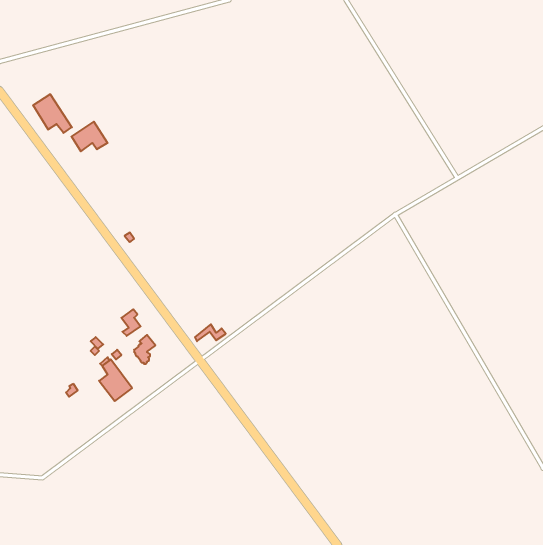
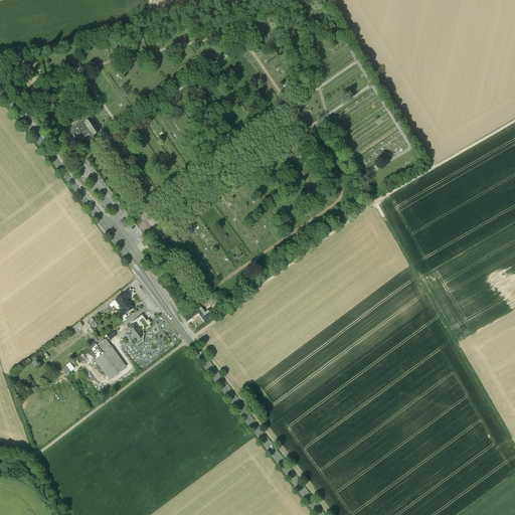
building: [33,94,72,133] -> none

